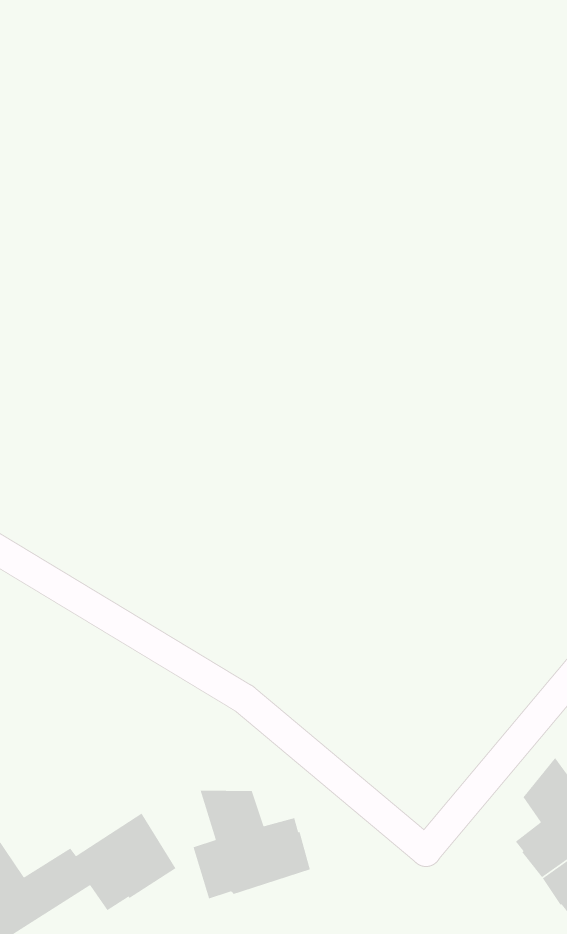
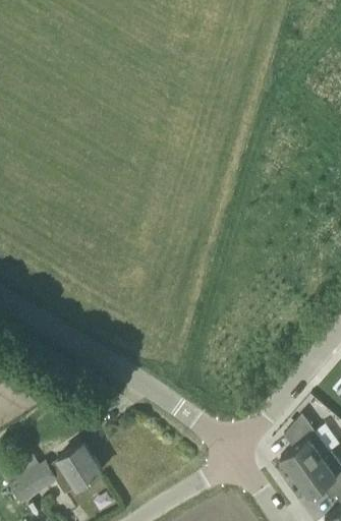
building: [192,790,311,900] -> none

